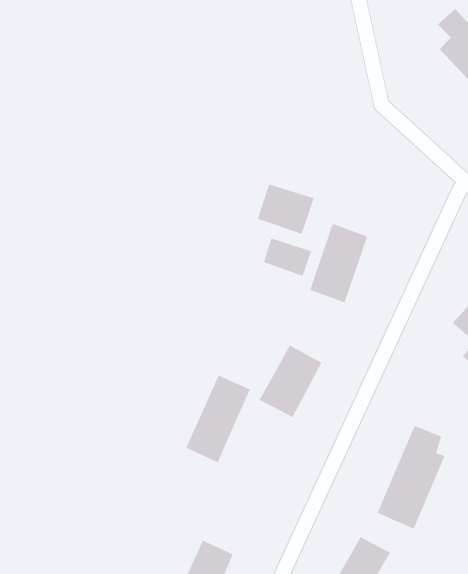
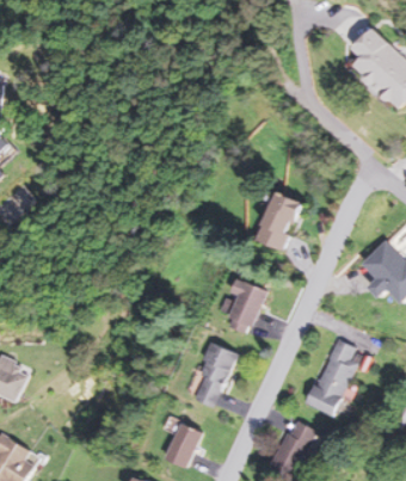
building: [257,184,315,235] -> none
building: [263,237,312,277] -> none
building: [185,374,251,463] -> [189,344,236,408]

